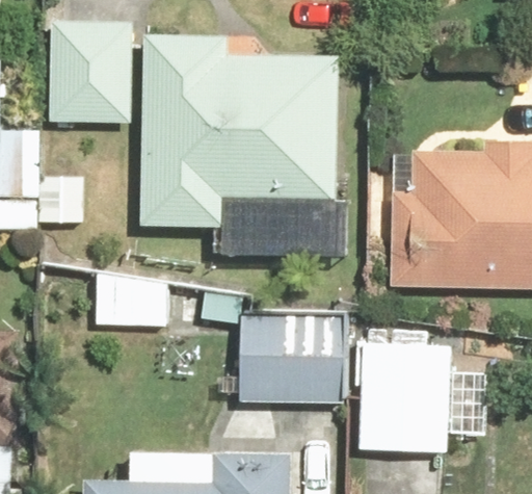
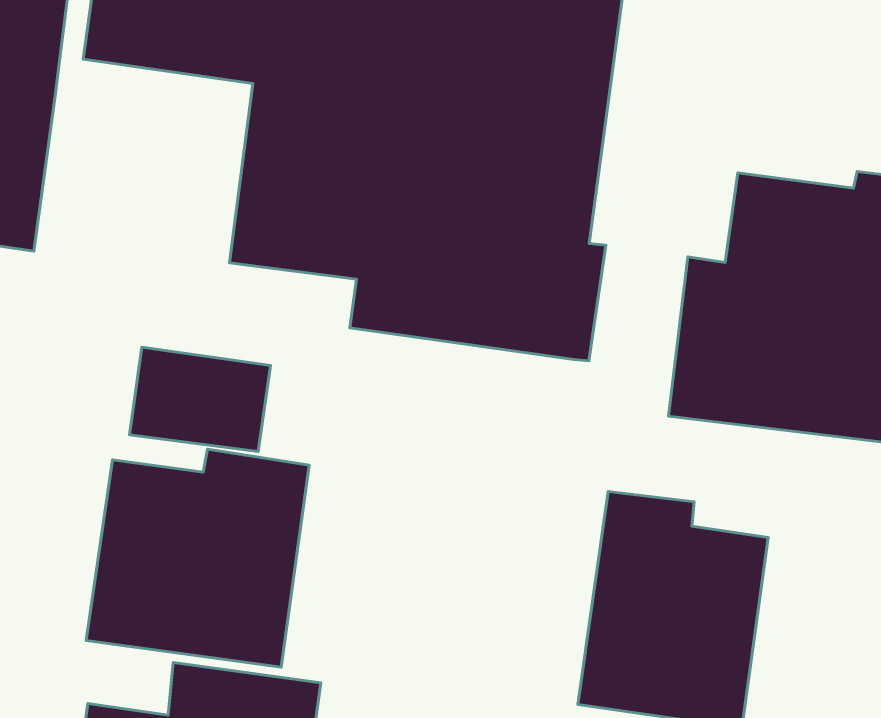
building: [236,317,343,405] -> none
building: none -> [86,449,309,667]

